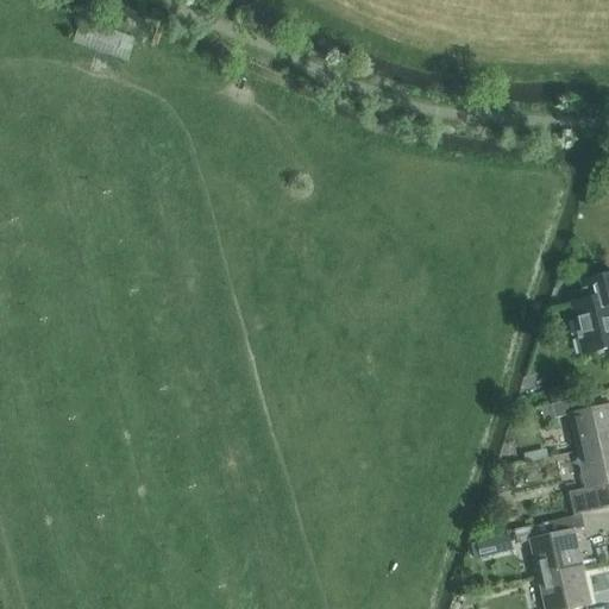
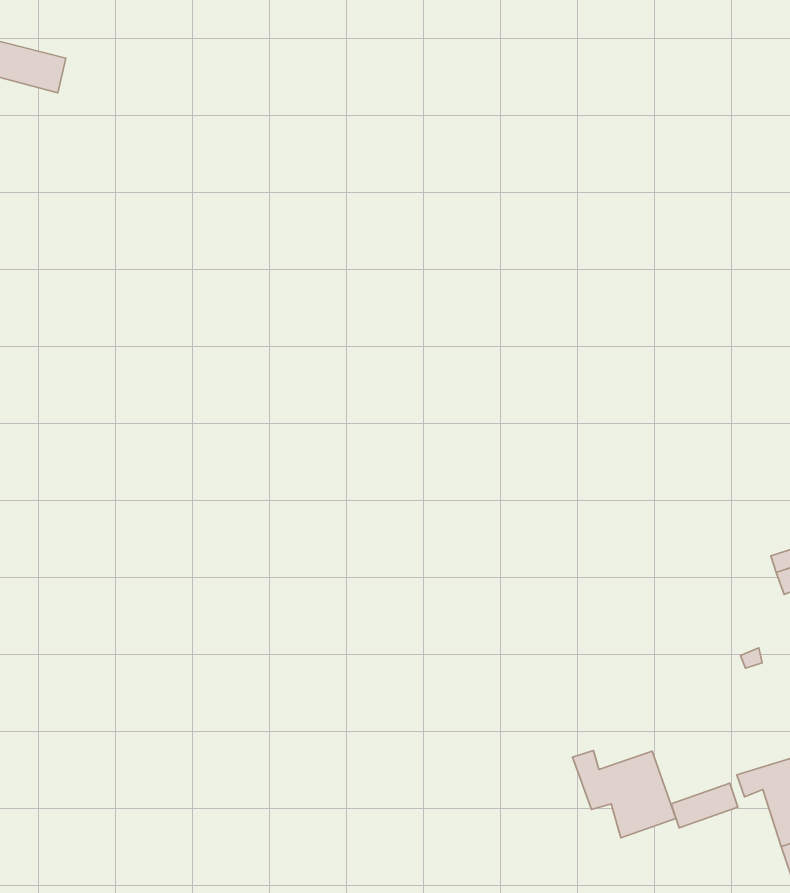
building: none -> [573,750,676,838]

